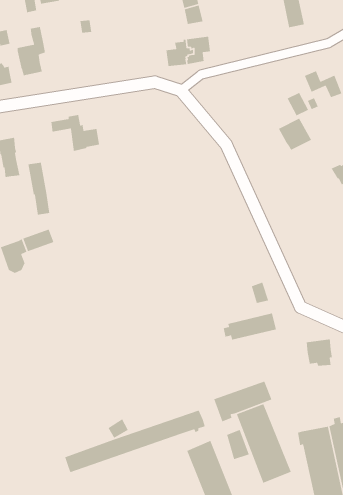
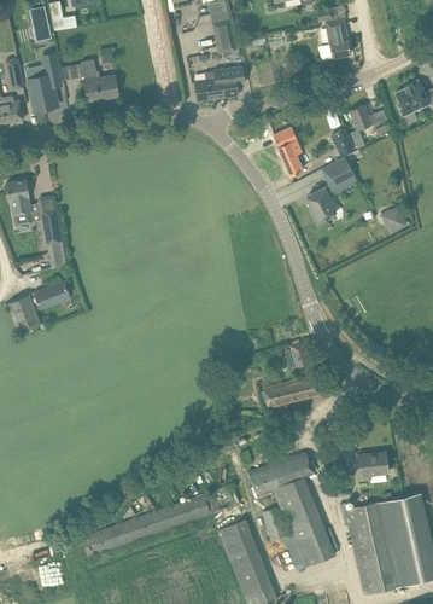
building: none -> [274,127,303,175]
building: [51,114,100,152] -> [62,59,117,101]
building: none -> [306,185,337,223]
building: [306,339,333,367] -> [357,451,387,482]

